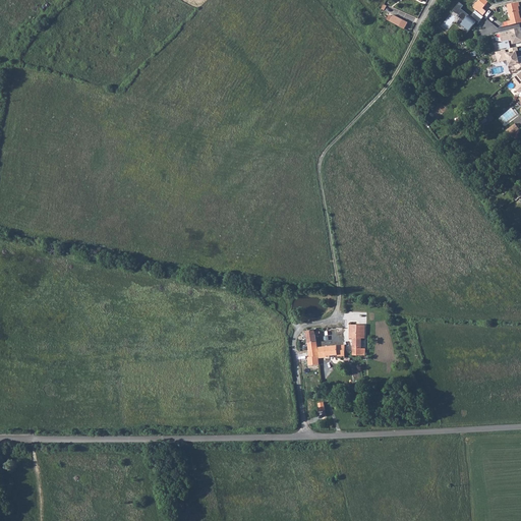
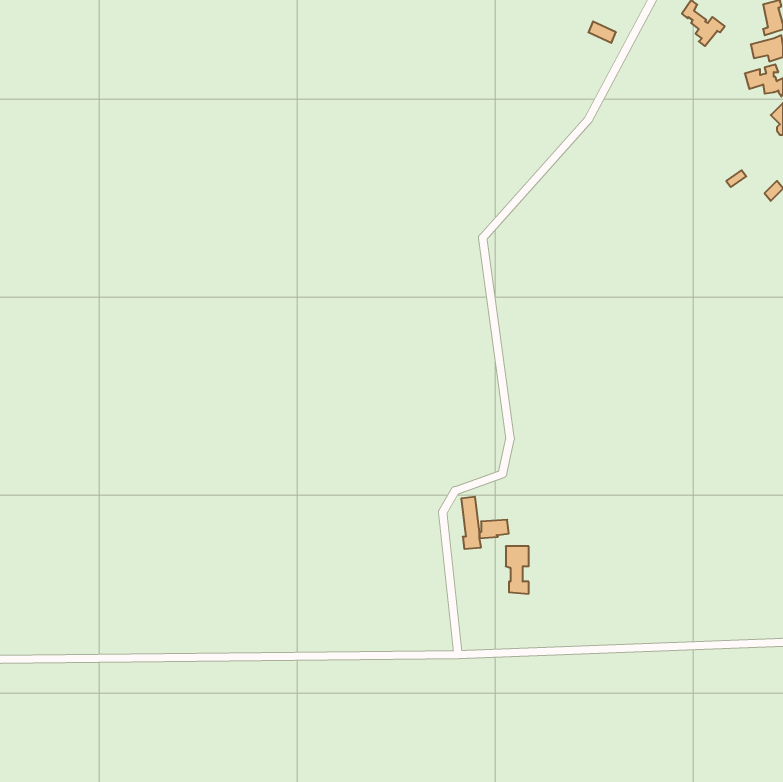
building: [350,324,365,355] -> [506,546,529,594]

